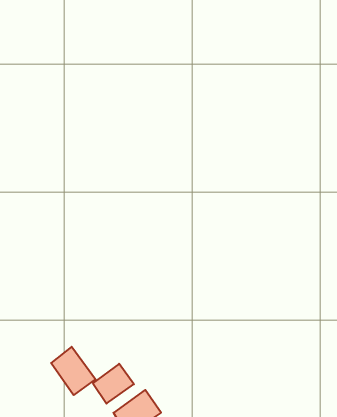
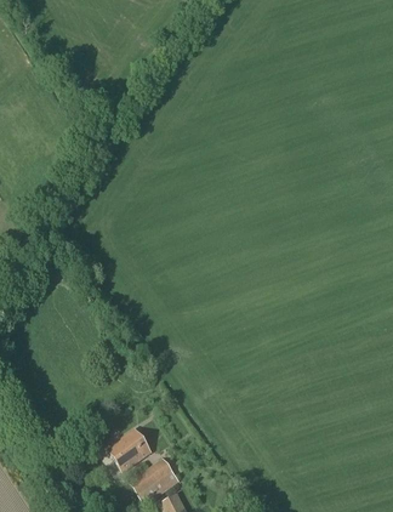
building: [51,347,96,395] -> none

